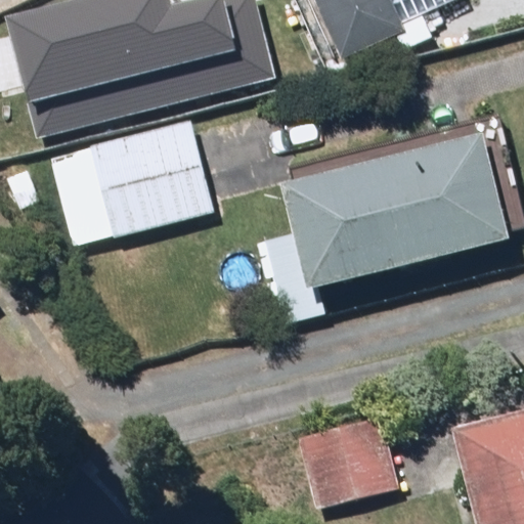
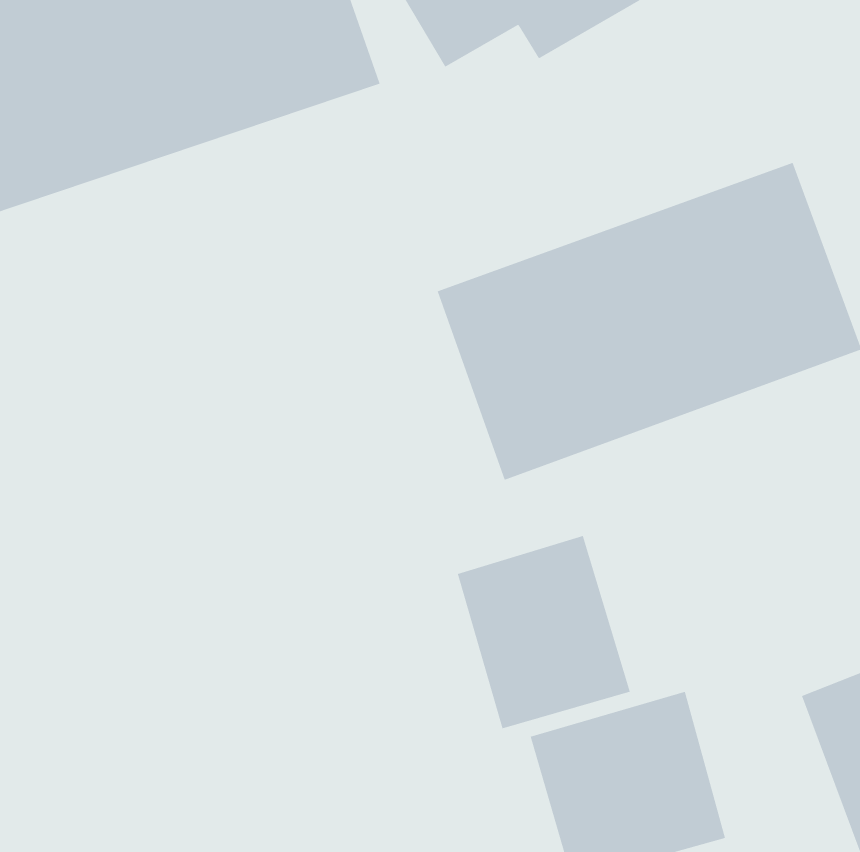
building: [50,112,223,249] -> none
building: none -> [457,535,630,729]

